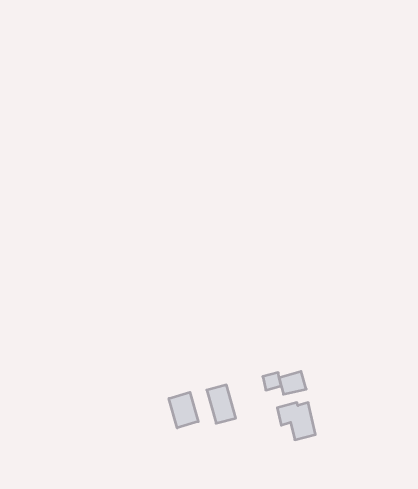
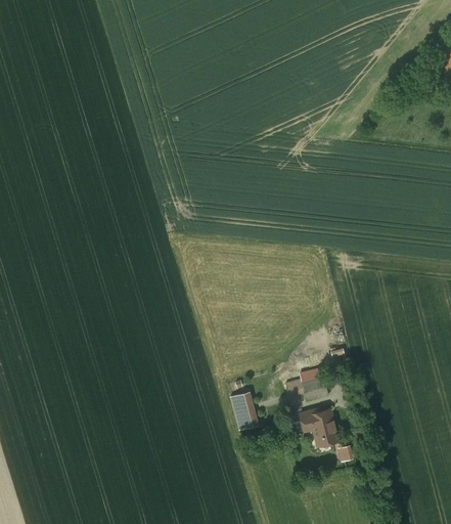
building: [169,392,198,428] -> none

